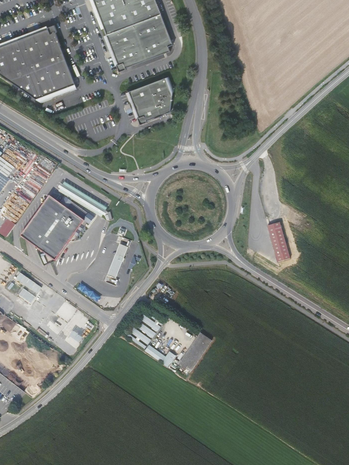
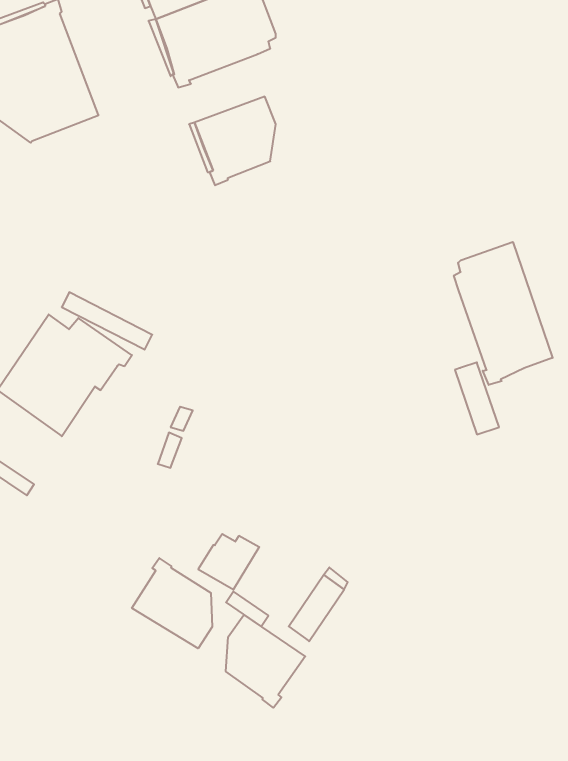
building: none -> [454,242,553,385]
building: none -> [132,558,212,648]
building: none -> [226,615,305,708]

